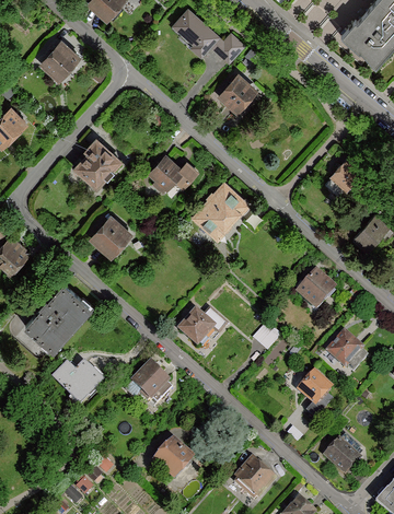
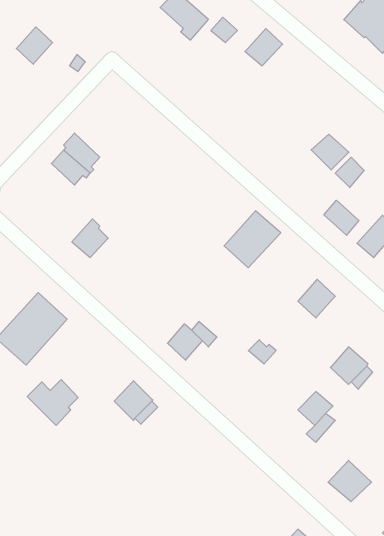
building: [220,77,254,110] -> [245,29,283,66]
building: none -> [311,134,349,170]
building: [151,157,196,199] -> none
building: [195,185,246,236] -> [224,211,281,268]
building: none -> [324,200,359,235]
building: [157,441,192,476] -> none
building: [239,459,273,493] -> none

